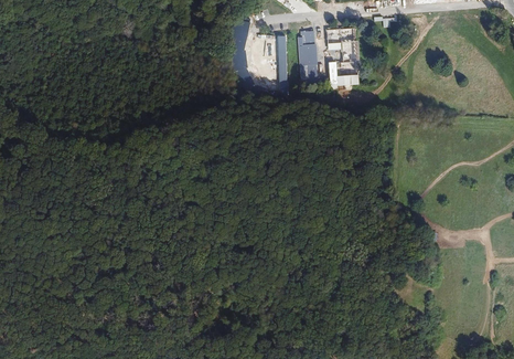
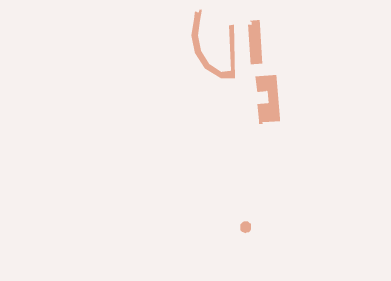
building: [328,29,358,87] -> [255,74,281,124]

